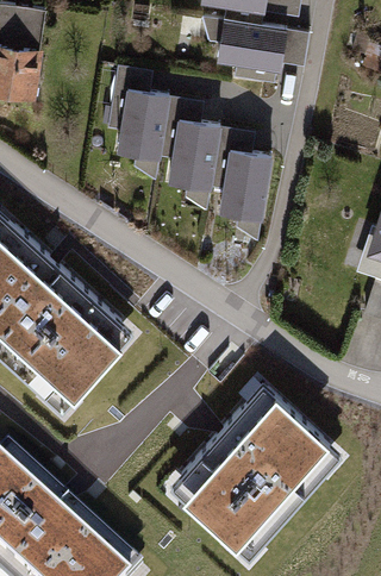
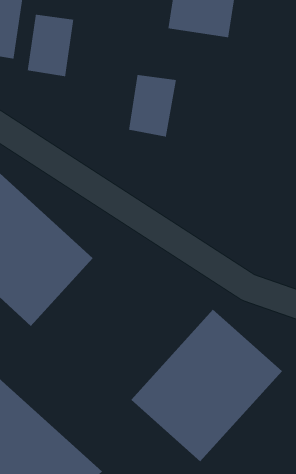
building: [115,88,169,159] -> [27,14,74,77]
building: [218,149,274,220] -> none

